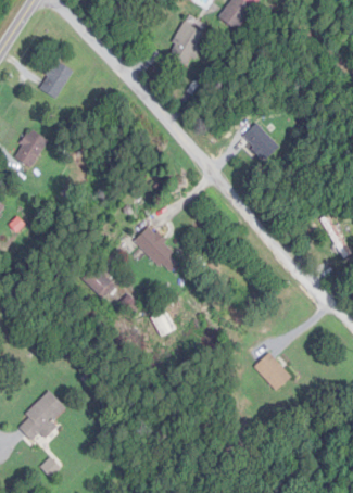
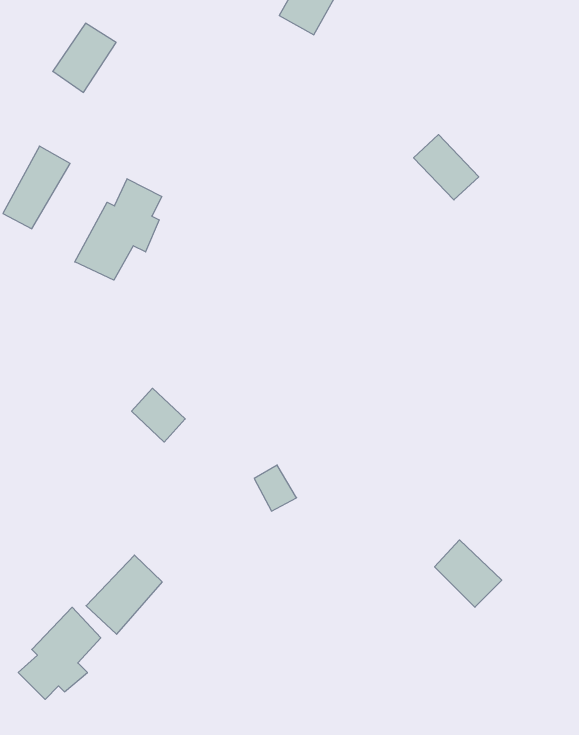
building: none -> [75,179,162,280]
building: [135,227,182,275] -> none
building: none -> [86,555,162,634]

